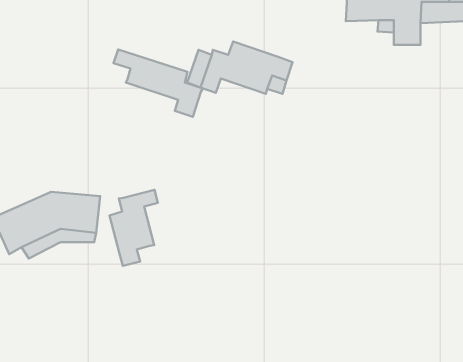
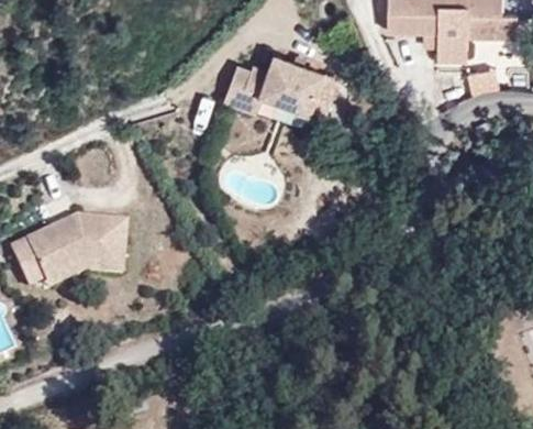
building: [113,49,203,117] -> none
building: [110,190,158,266] -> none

